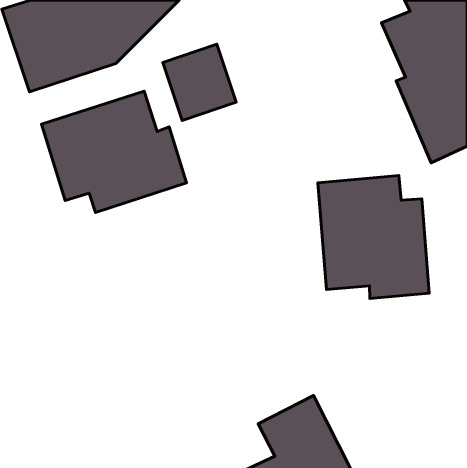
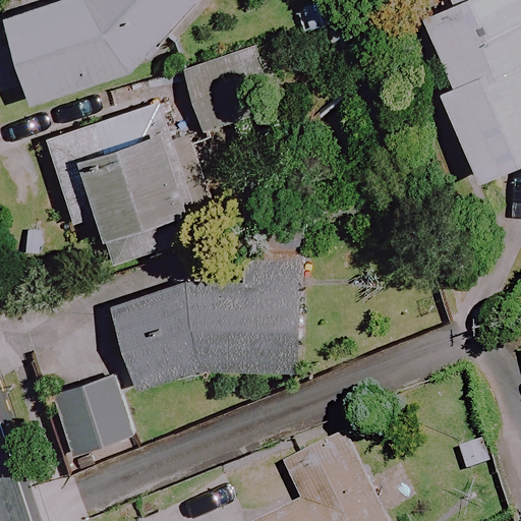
building: [318,176,429,299] -> none
building: none -> [110,273,299,385]
building: none -> [53,379,129,456]

